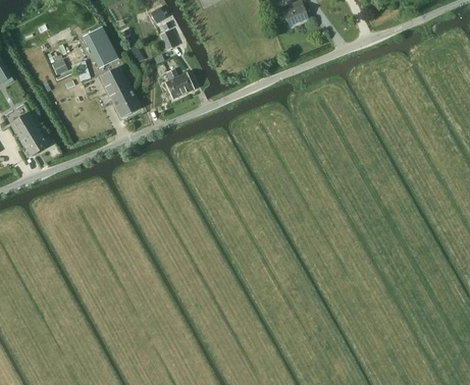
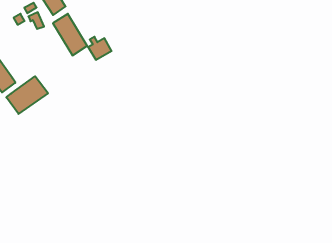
building: [164,69,193,98] -> [88,37,112,60]
building: none -> [6,76,48,114]

